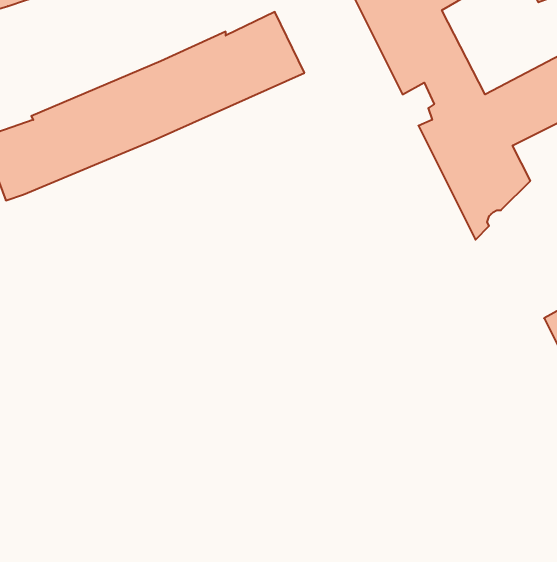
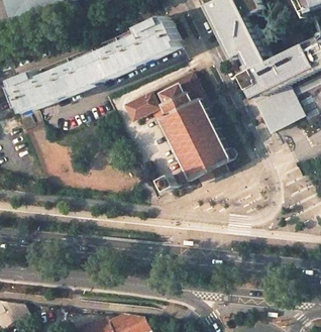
building: none -> [124,73,233,192]

